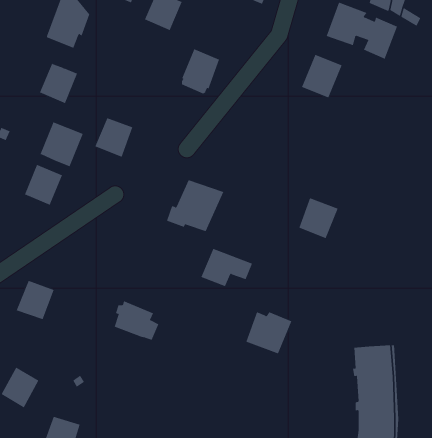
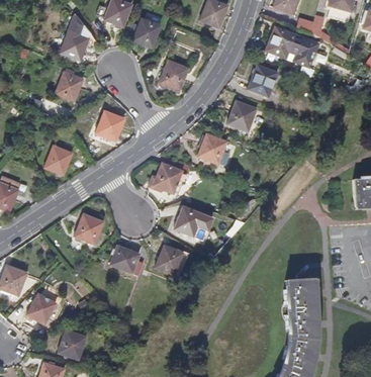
building: none -> [227,100,256,130]
building: [40,122,84,167] -> none
building: [299,198,339,239] -> [198,132,227,163]
building: [16,280,54,320] -> [75,213,103,243]
building: [245,311,292,354] -> [156,245,190,276]

